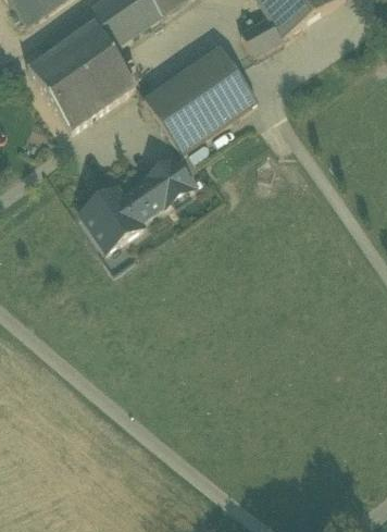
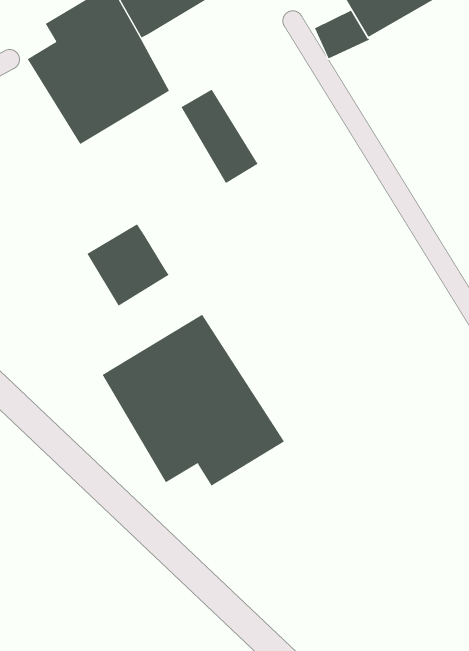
building: [168,45,258,135] -> none
building: [125,156,195,218] -> none
building: none -> [102,314,285,486]

